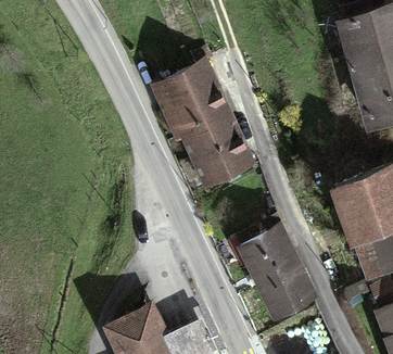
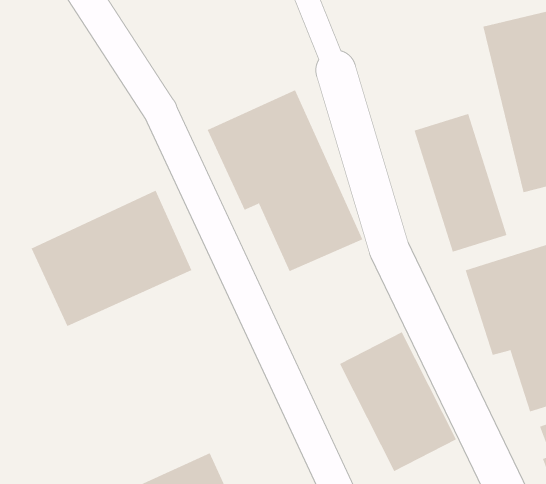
building: none -> [414,113,507,253]
building: none -> [31,190,192,327]

